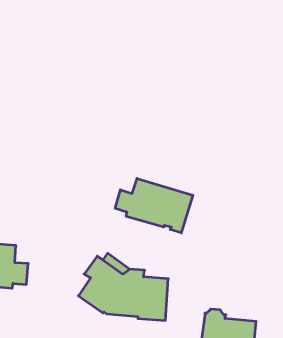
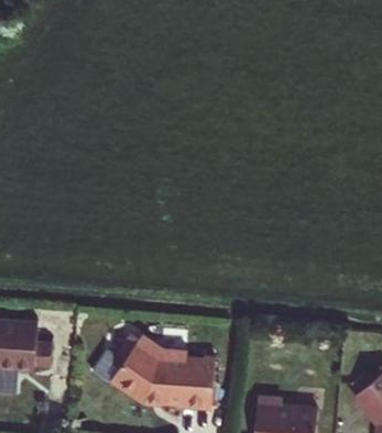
building: [115,178,193,233] -> none

